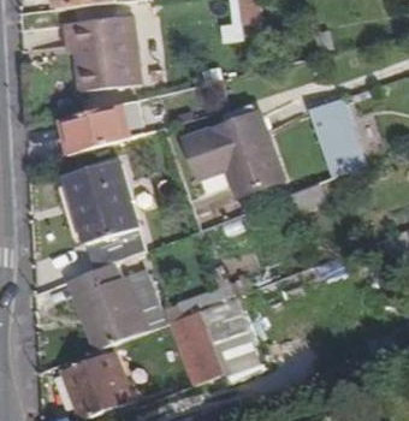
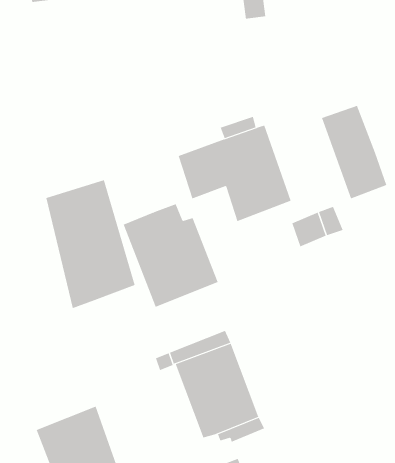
building: [75,14,140,89] -> none
building: [63,102,129,153] -> none
building: [66,263,148,352] -> [123,204,218,308]

